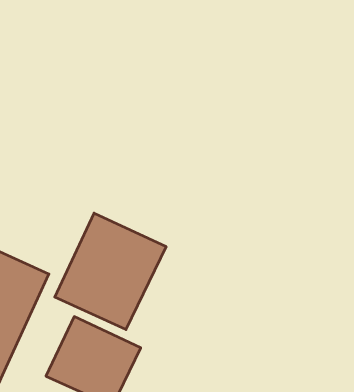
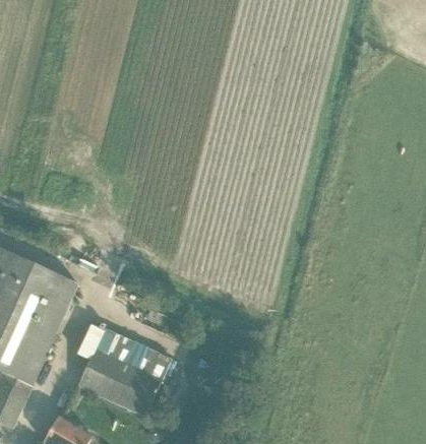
building: [55,213,166,330] -> none

